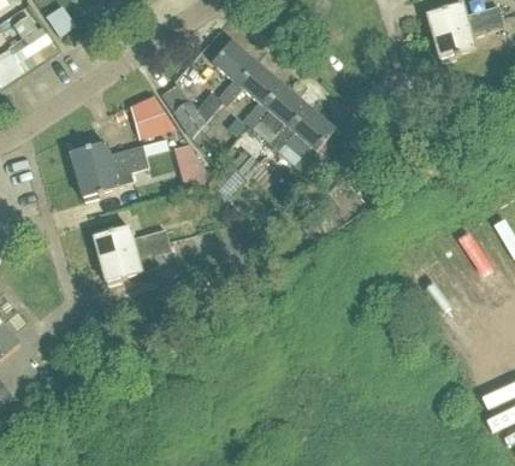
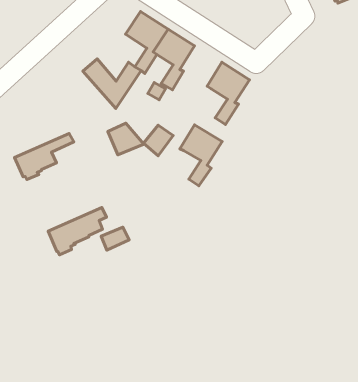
building: [264,84,309,149] -> [180,125,222,186]
building: [132,95,174,136] -> none
building: [70,142,137,175] -> none
building: [93,225,160,258] -> none

